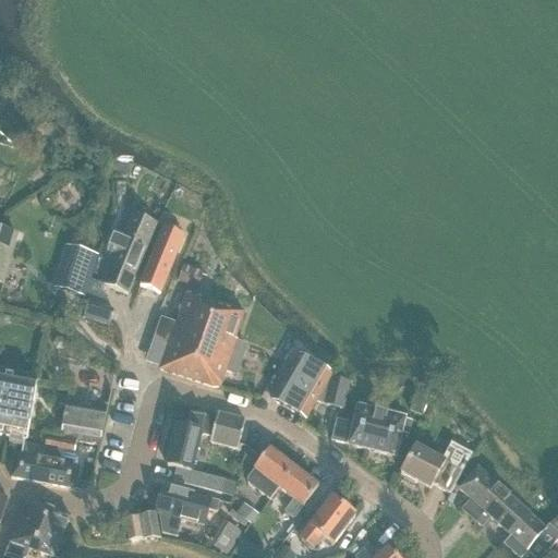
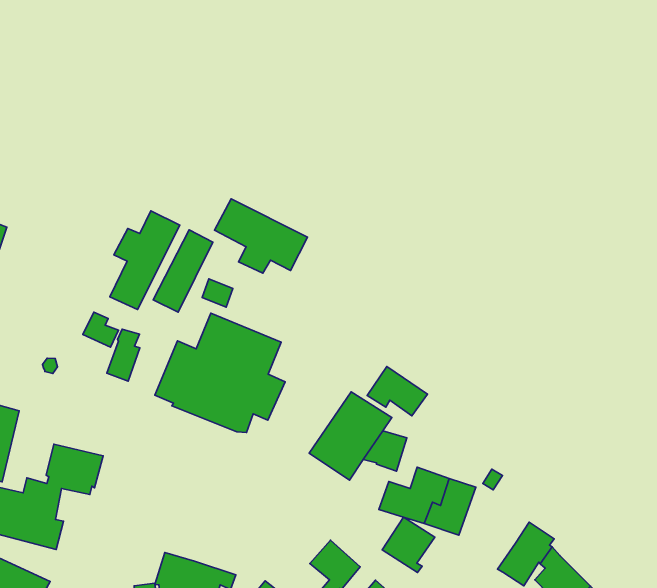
building: none -> [215,199,308,273]
building: [68,250,93,291] -> [107,329,140,381]
building: none -> [367,367,428,416]
building: [167,410,244,490] -> none
building: [400,444,441,487] -> [382,517,435,573]
building: [253,447,293,496] -> none

